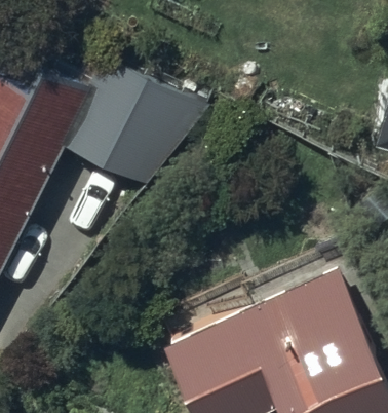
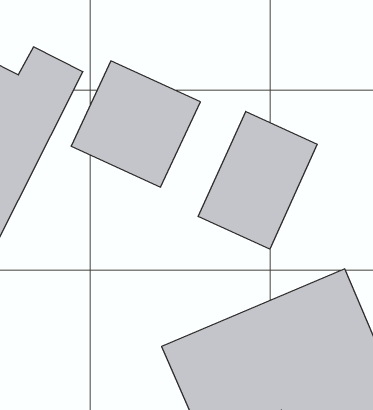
building: none -> [198,111,317,249]

